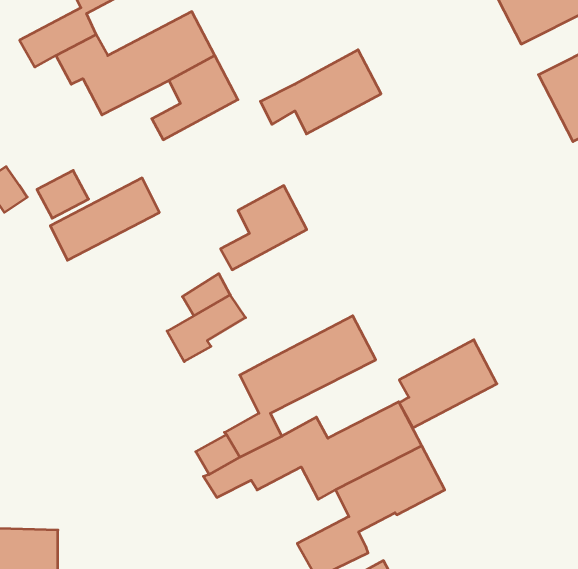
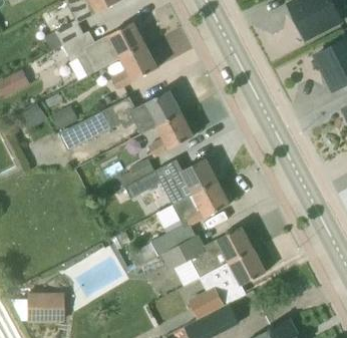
building: [260,50,381,134] -> [117,90,181,134]
building: [399,340,497,428] -> [165,158,217,205]

